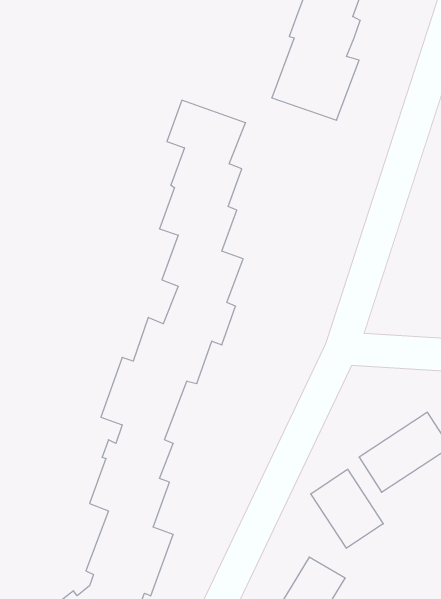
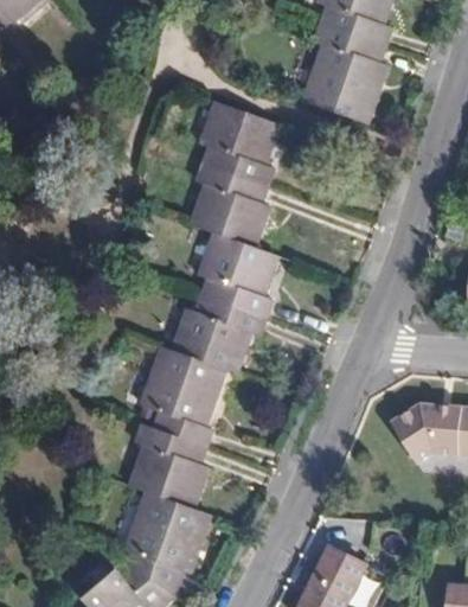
building: [311,469,383,548] -> none

